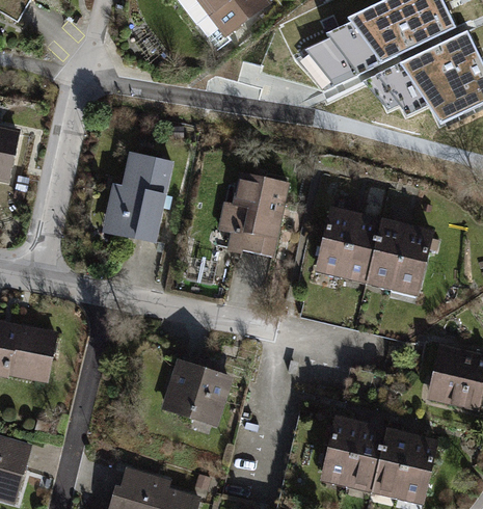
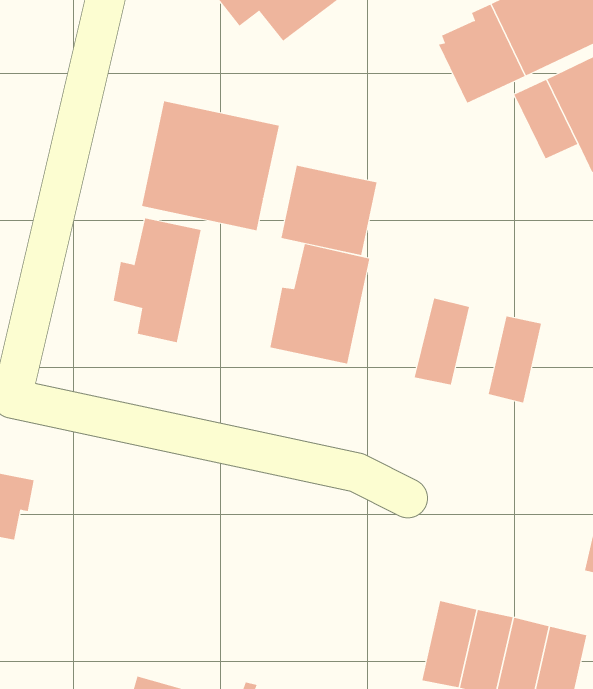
building: [315,36,353,86] -> none
building: none -> [141,101,279,231]
building: none -> [281,165,377,256]
building: [343,217,380,277] -> none
building: [393,229,431,290] -> none
building: [166,363,227,419] -> none

